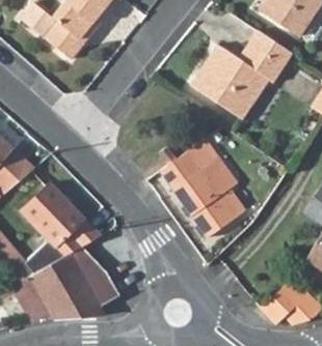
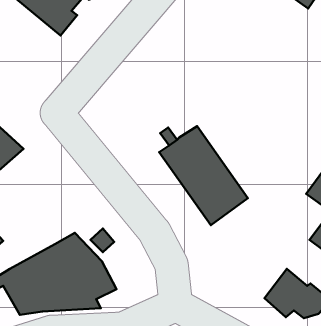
building: [192,34,295,123] -> none
building: [22,181,102,255] -> none

